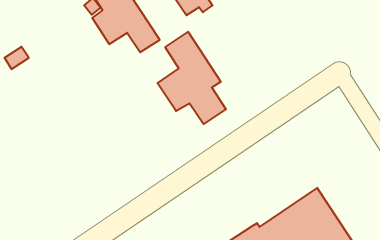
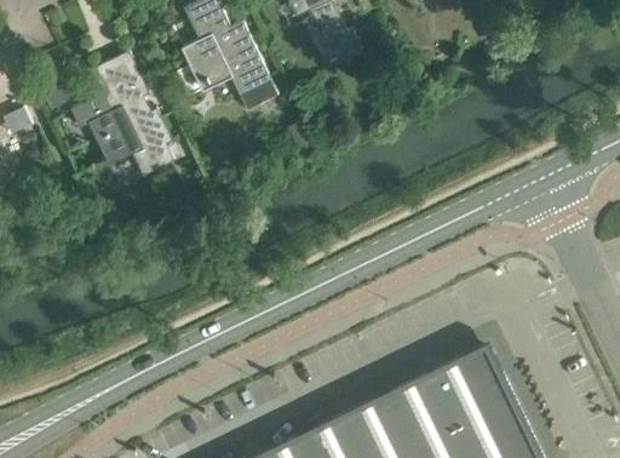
building: none -> [74,52,177,178]
building: [158,32,226,124] -> none

